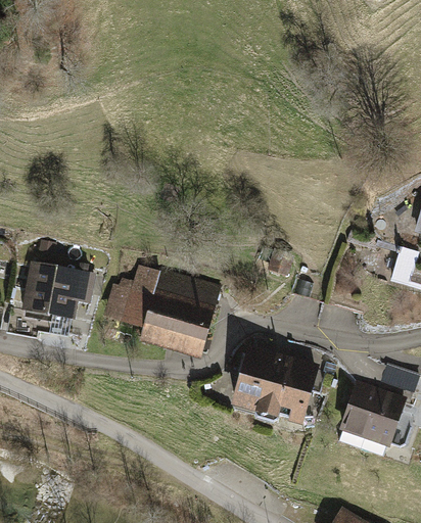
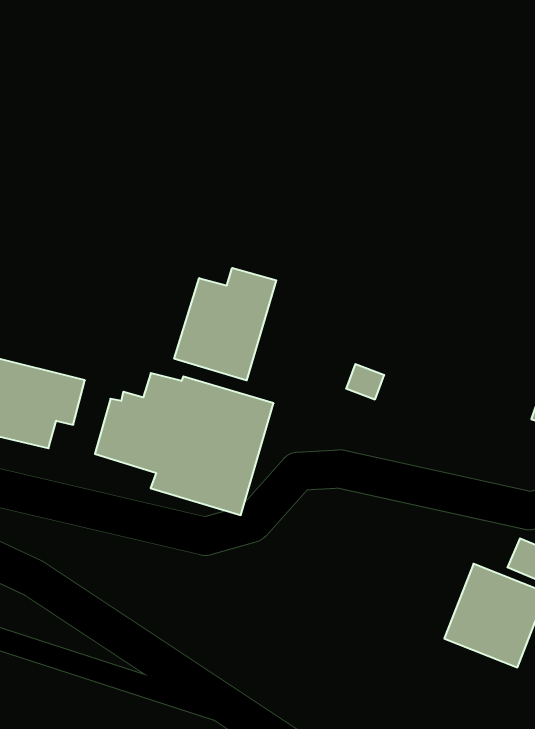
building: none -> [174,268,276,380]
building: [231,343,320,424] -> none

